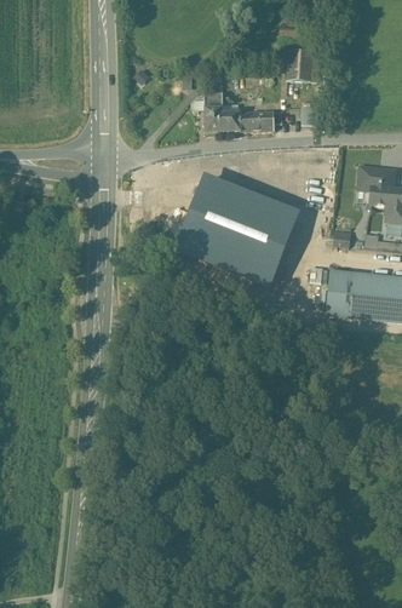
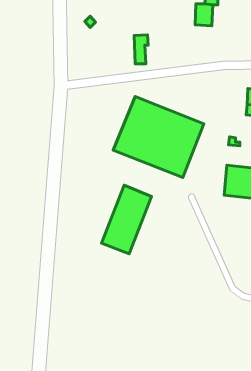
building: [218,105,274,131] -> none
building: none -> [101,185,152,254]

